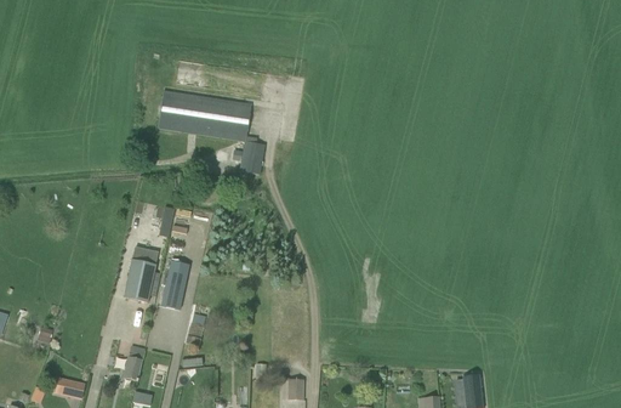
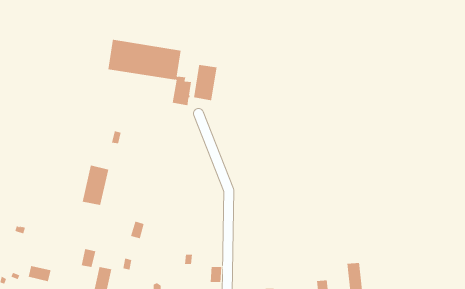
building: none -> [193,64,217,101]
building: [160,260,189,310] -> none

